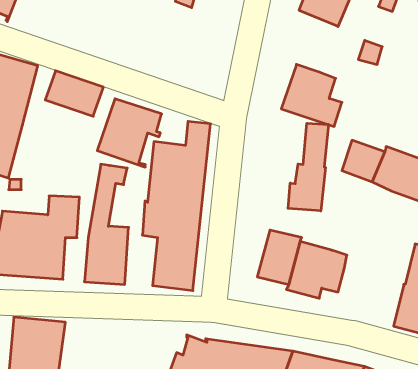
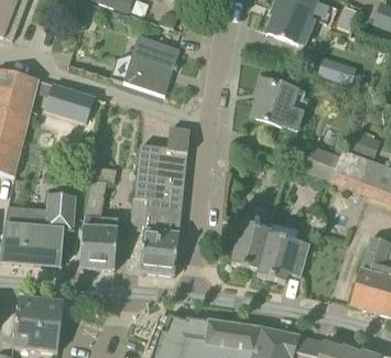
building: [97,99,162,167] -> [122,36,178,96]
building: [288,123,328,211] -> none

